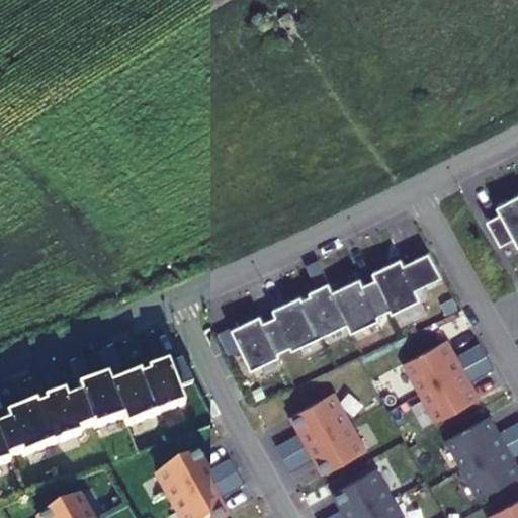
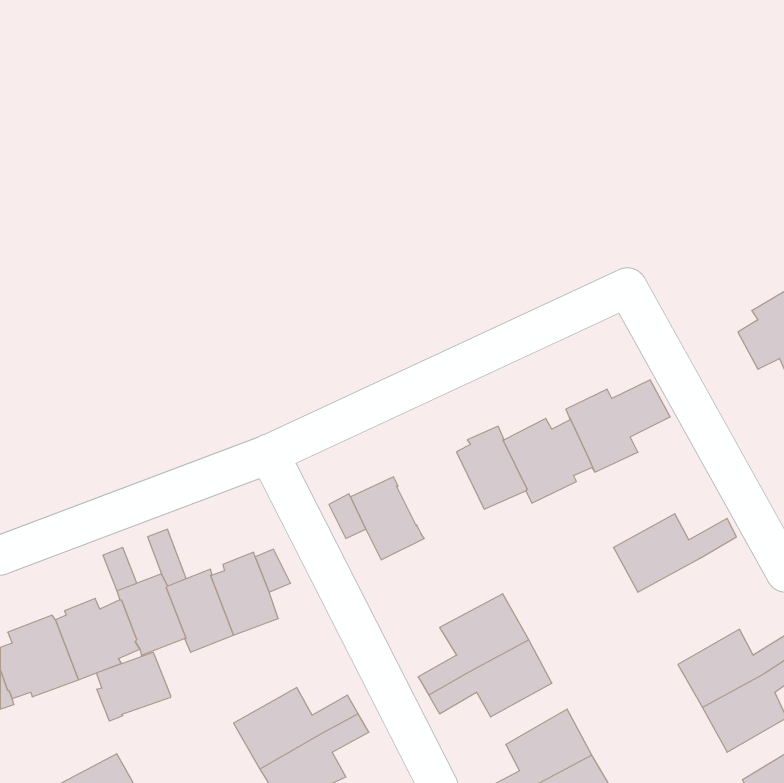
building: [262,295,320,353] -> none
building: [421,355,493,421] -> none
building: none -> [97,652,170,721]

